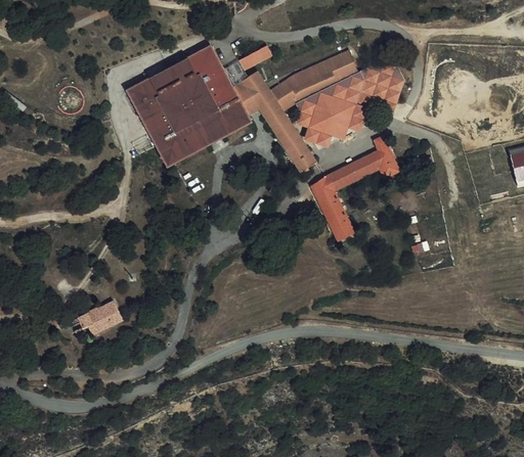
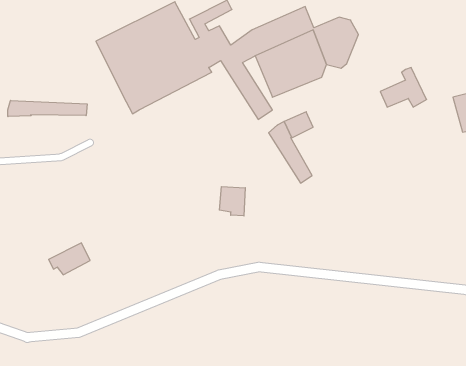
building: [350,138,399,180] -> [380,68,427,107]
building: none -> [8,100,87,117]
building: none -> [219,187,245,216]

